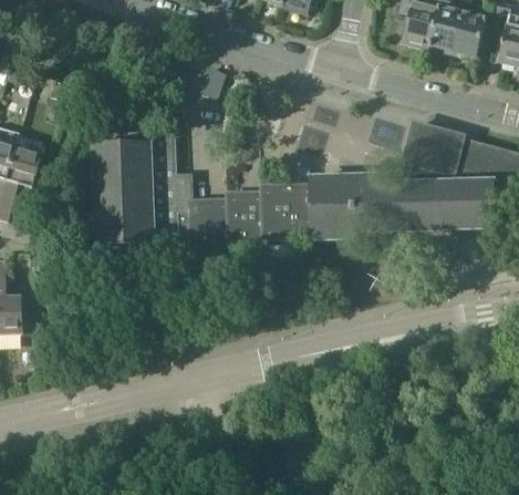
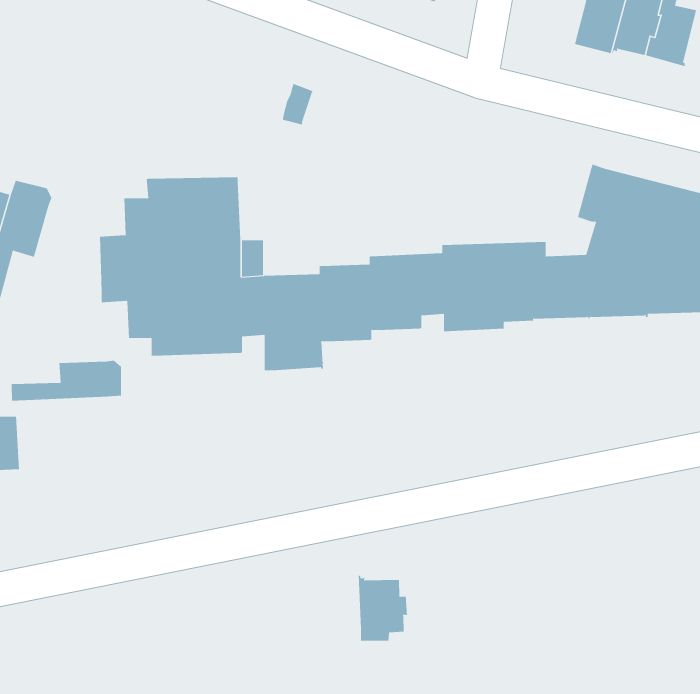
building: none -> [11,360,122,402]
building: none -> [358,575,408,642]

